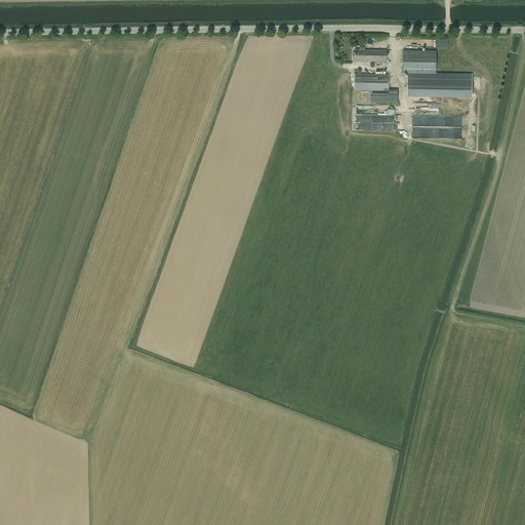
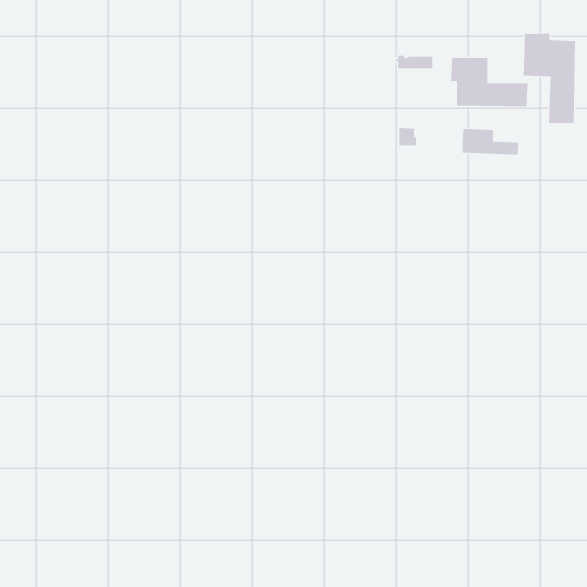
building: none -> [523,33,576,124]
building: [354,74,389,91] -> none

